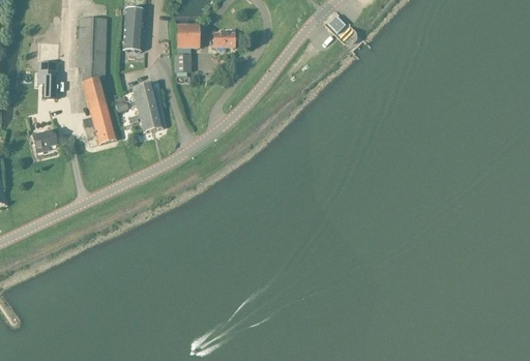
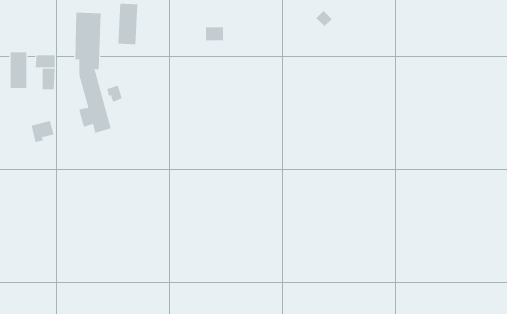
building: [174,25,198,71] -> none
building: none -> [10,51,27,89]
building: [131,84,164,132] -> none

